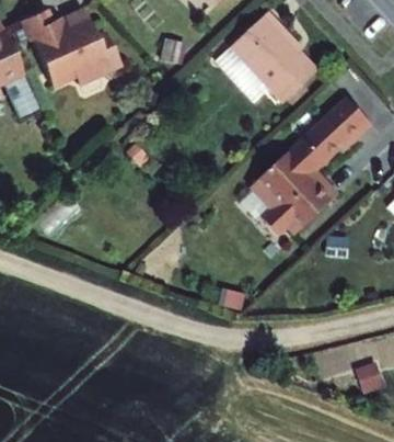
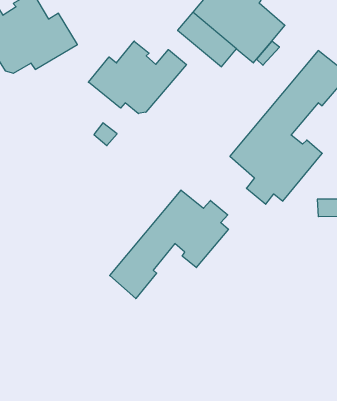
building: none -> [88,41,186,114]
building: none -> [110,190,228,299]

